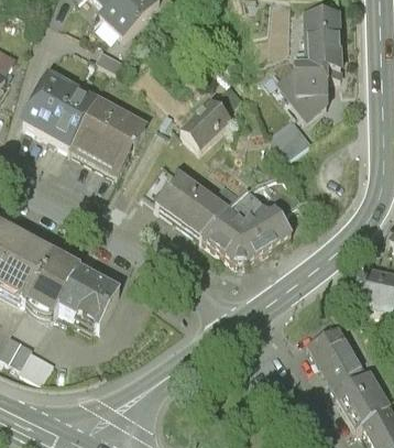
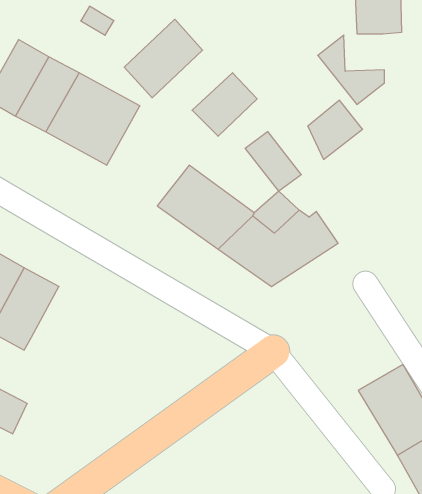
building: none -> [124,19,203,98]
building: [296,69,327,98] -> none
building: none -> [245,132,301,191]
building: [58,262,119,323] -> none

